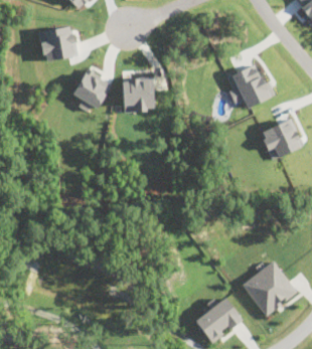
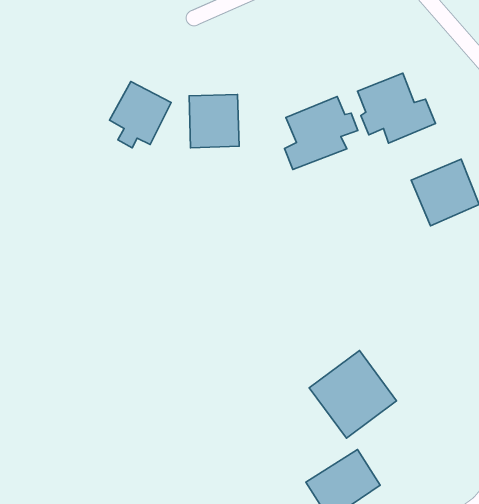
building: [40,26,76,60] -> none
building: none -> [284,97,358,170]
building: [243,260,297,315] -> [309,350,397,438]

